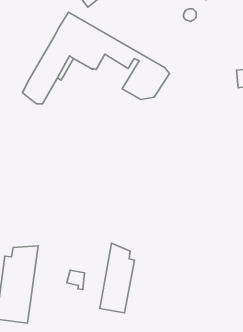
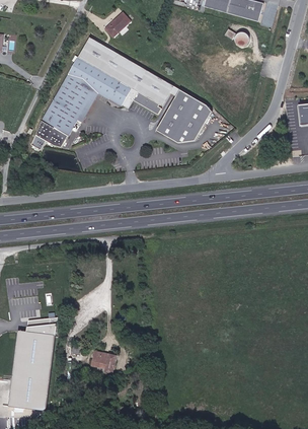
building: [100,243,134,313] -> none

